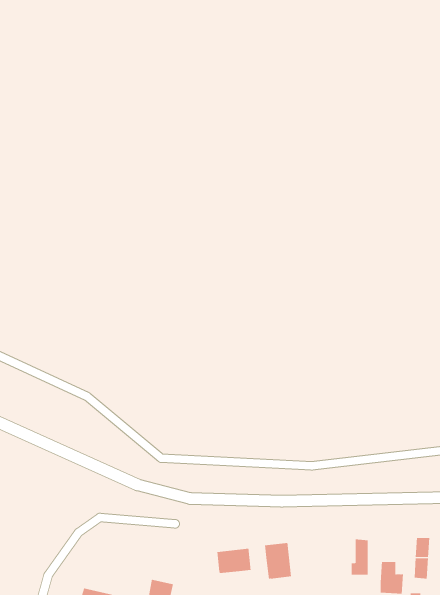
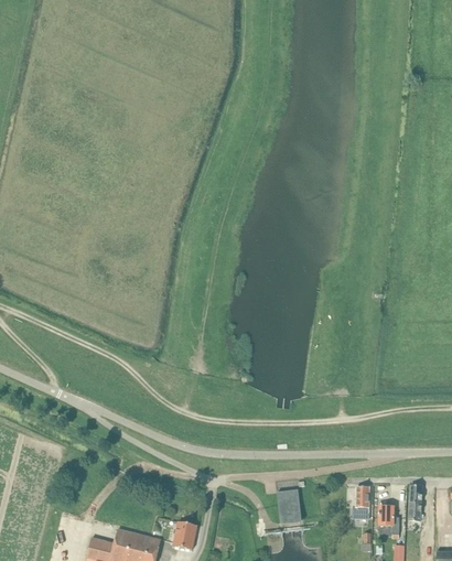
building: [217,548,251,574] -> none

